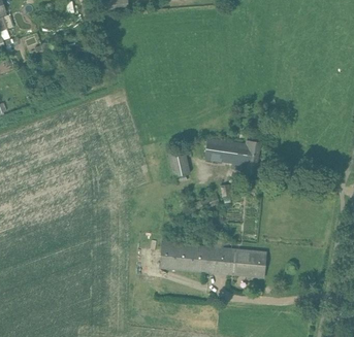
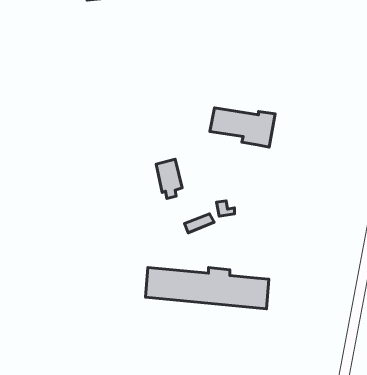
building: [203,137,260,171] -> [210,108,275,147]

